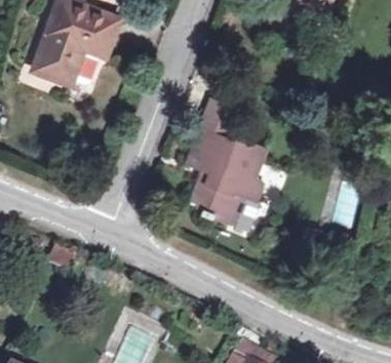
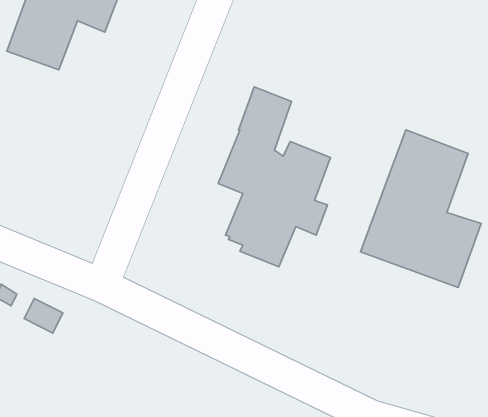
building: none -> [360,130,481,287]

